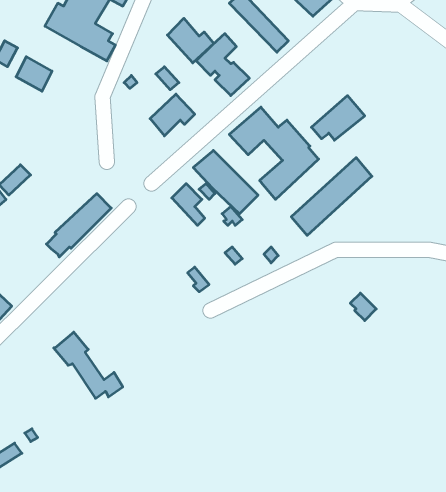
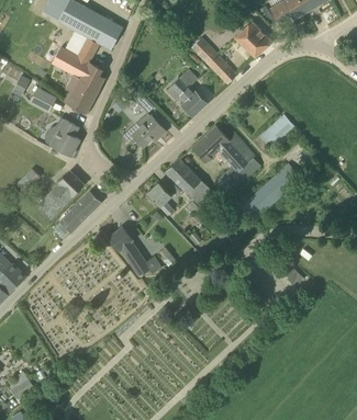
building: [167,18,214,63] -> none
building: none -> [66,79,98,113]
building: none -> [49,120,79,156]
building: none -> [37,170,83,219]
building: [54,332,123,398] -> [107,226,159,276]

